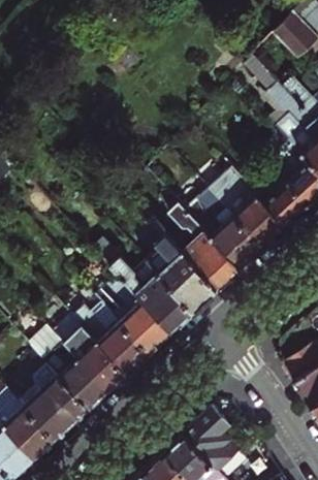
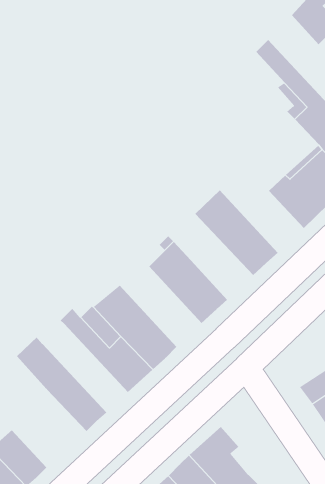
building: [212,172,287,250] -> none
building: [170,206,242,292] -> none
building: [122,258,195,334] -> none
building: [53,314,129,393] -> none
building: [25,373,92,443] -> none

